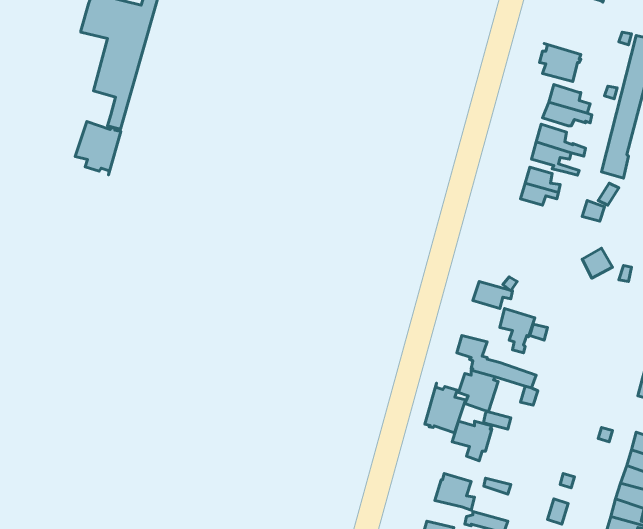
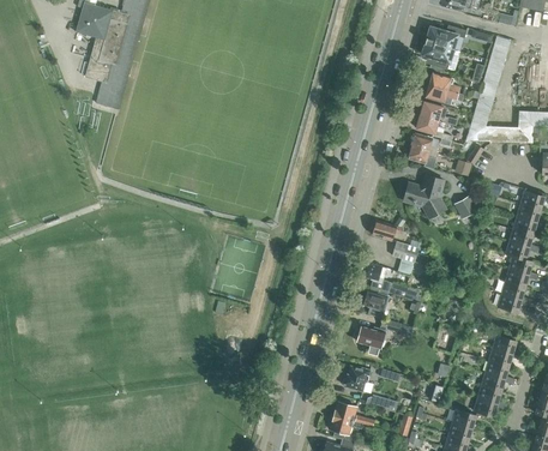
building: none -> [426,25,466,49]
building: [75,122,121,175] -> none
building: none -> [404,176,447,220]
building: [425,383,465,433] -> none

